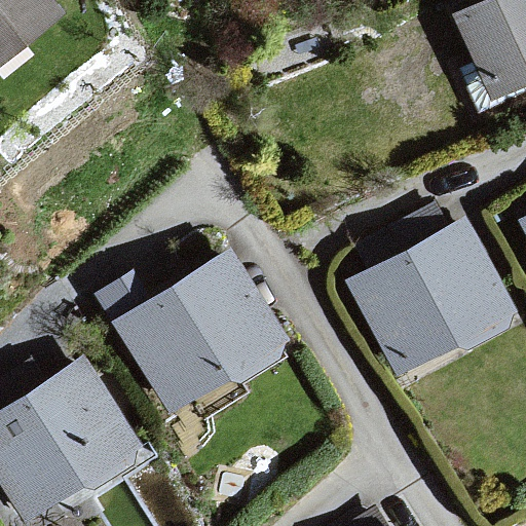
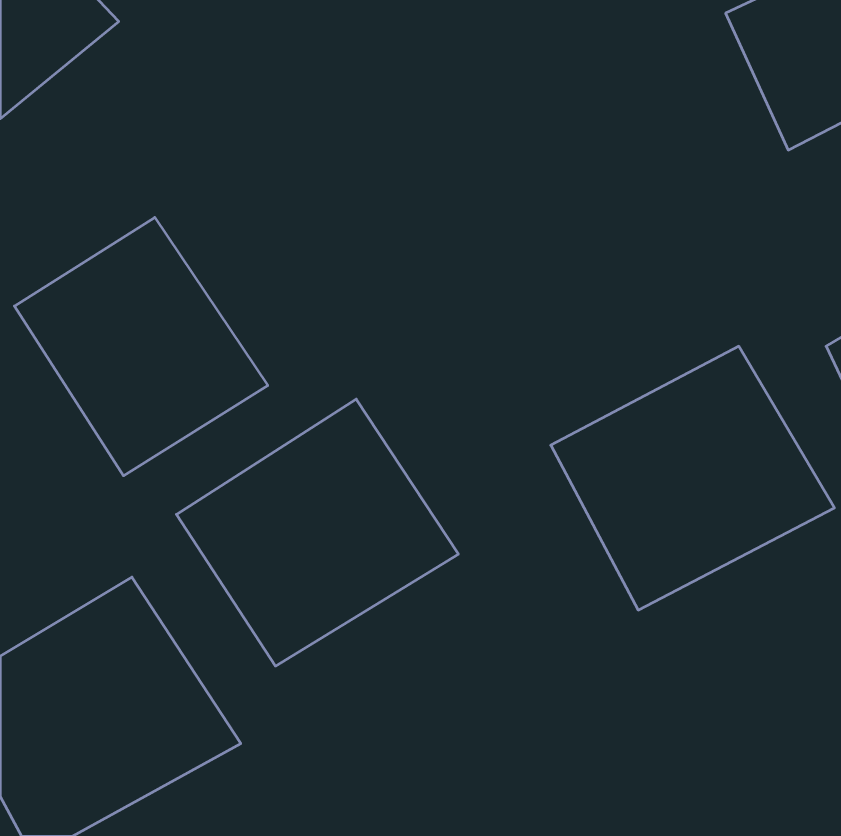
building: none -> [14,217,268,476]

